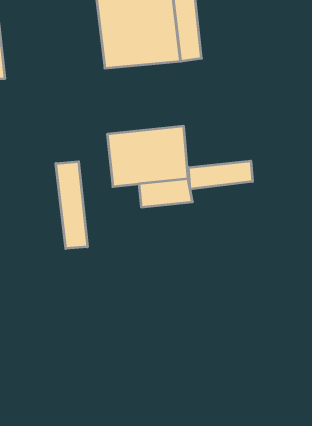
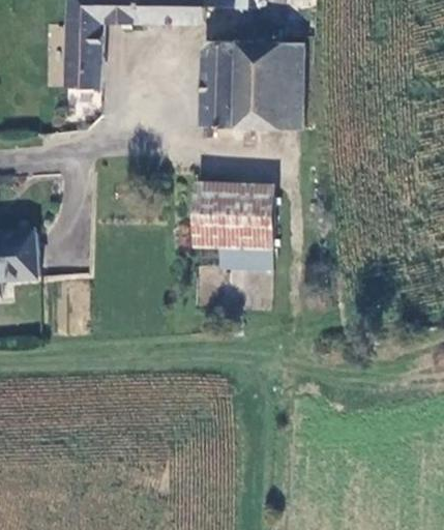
building: [188,161,252,189] -> none
building: [56,162,87,249] -> none

